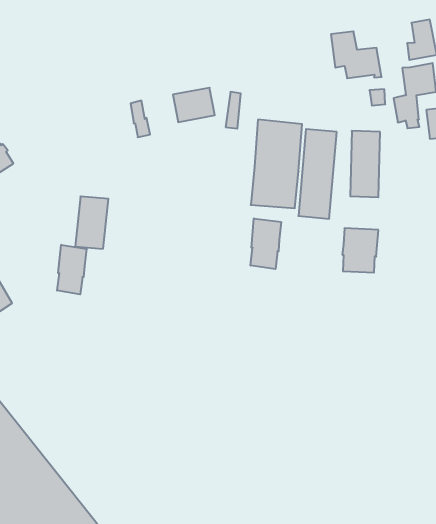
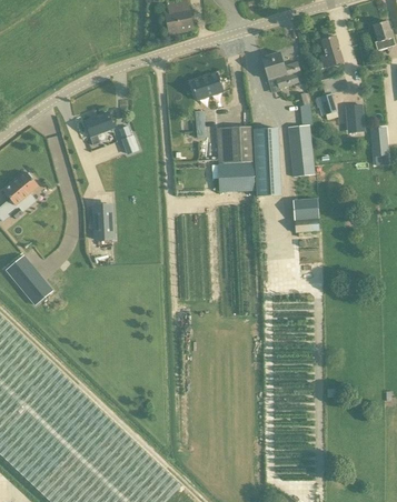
building: none -> [86,112,113,144]
building: [173,88,215,122] -> [191,74,225,103]
building: [251,218,281,269] -> none
building: [57,245,87,294] -> none

